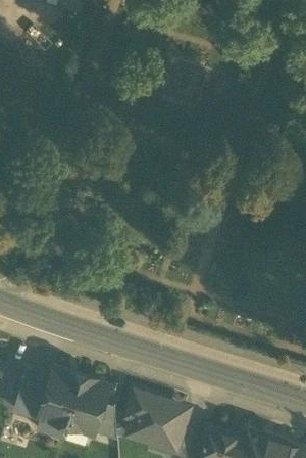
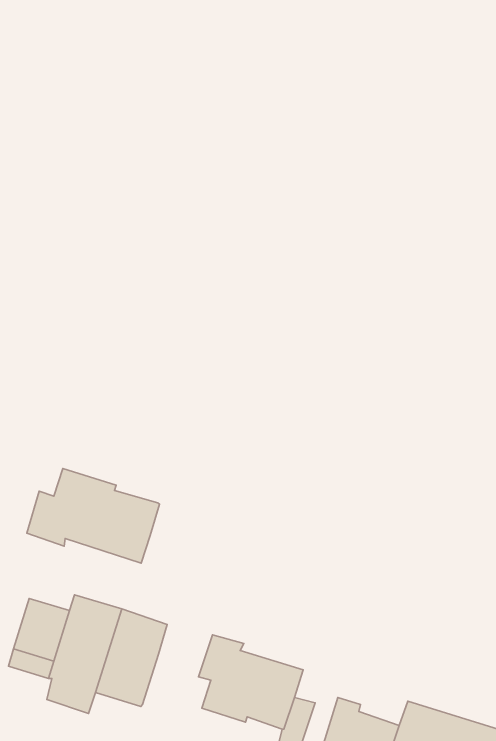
building: none -> [27,469,160,563]
building: [95,405,117,442] -> none

